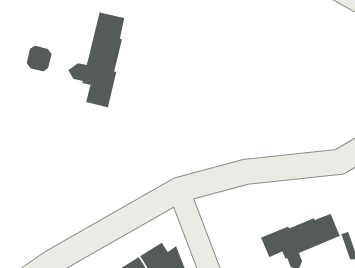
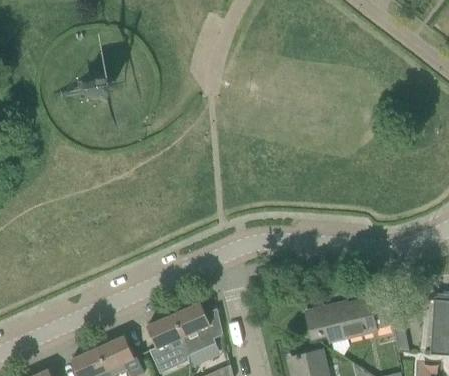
building: [67,11,125,108] -> none

